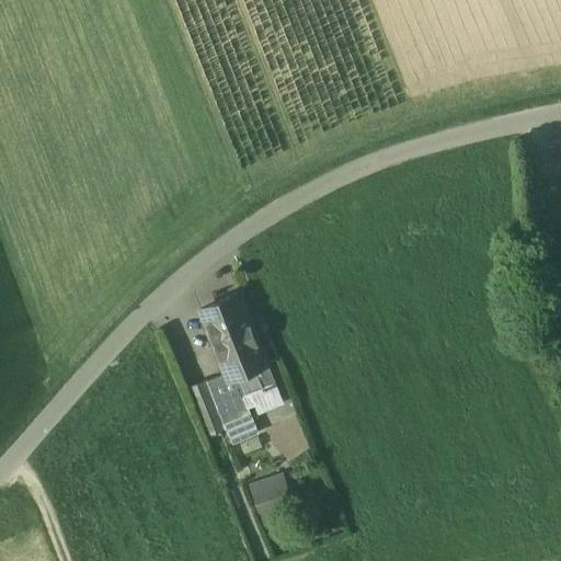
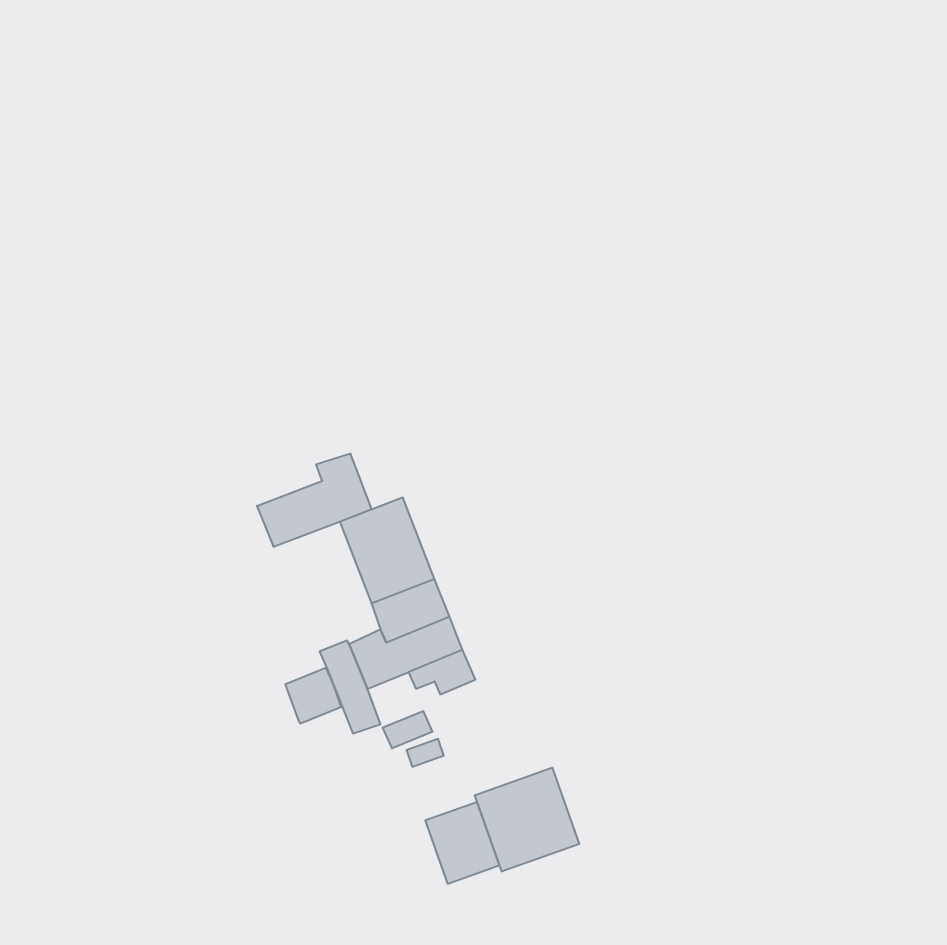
building: none -> [257,453,371,547]
building: [218,397,251,430] -> [285,668,341,724]
building: none -> [475,768,579,872]

